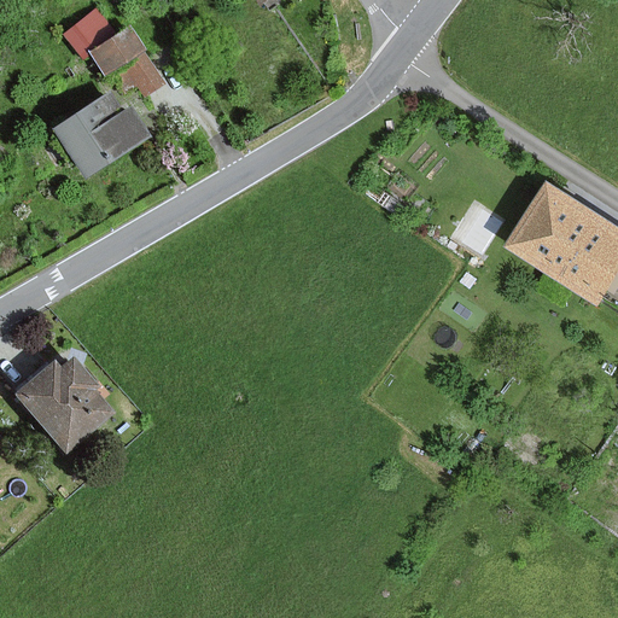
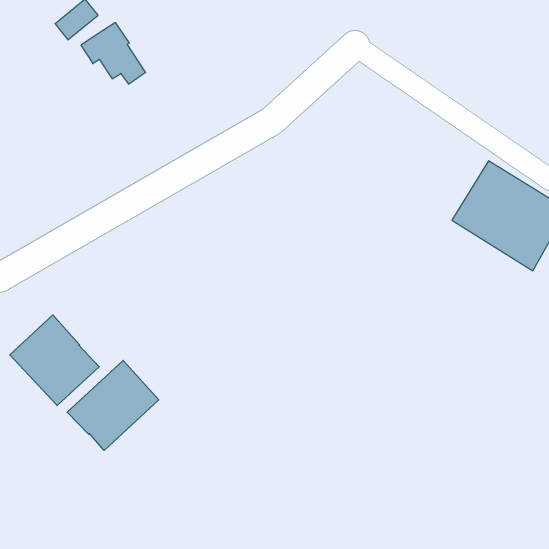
building: [52,94,145,175] -> none
building: none -> [67,360,159,450]

